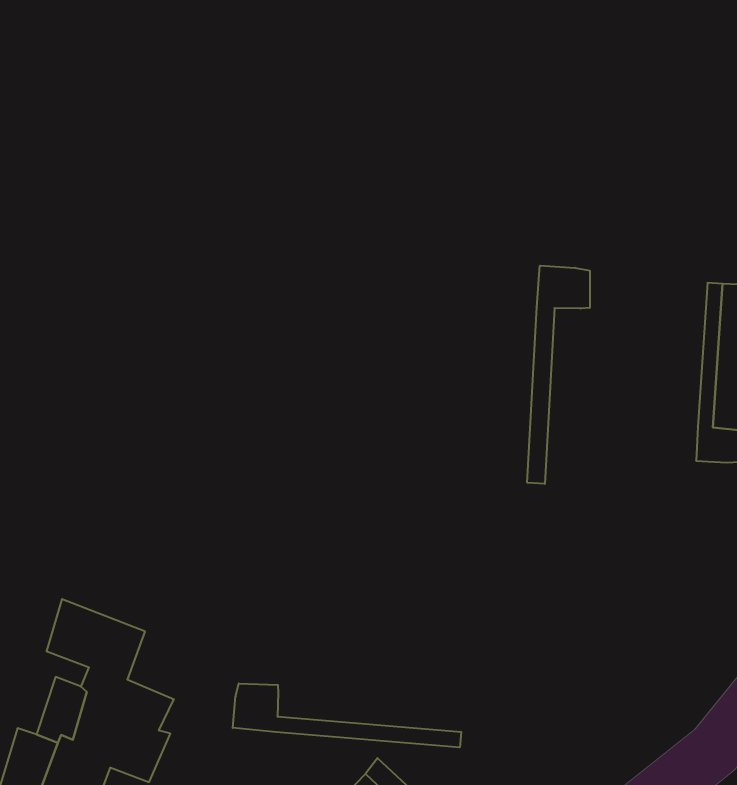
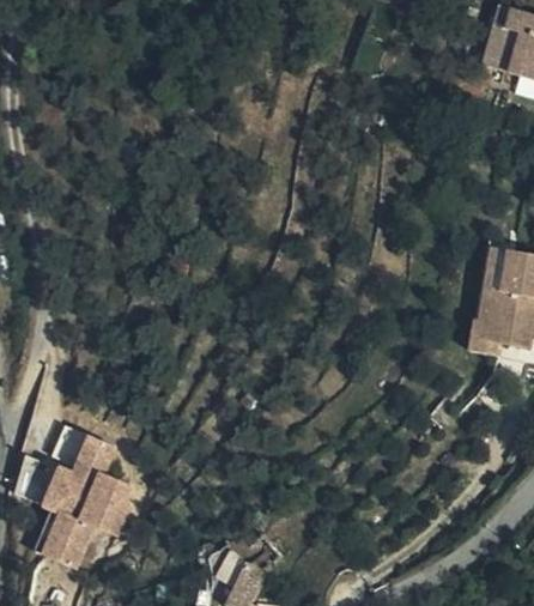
building: [527,266,590,484] -> none
building: [233,683,461,747] -> none

